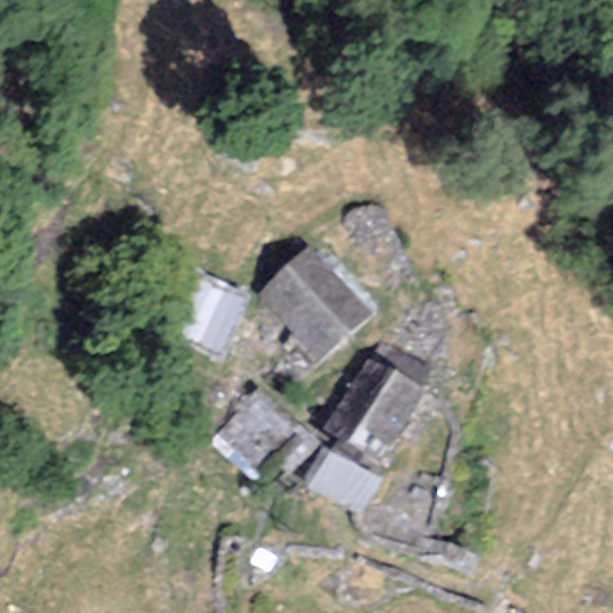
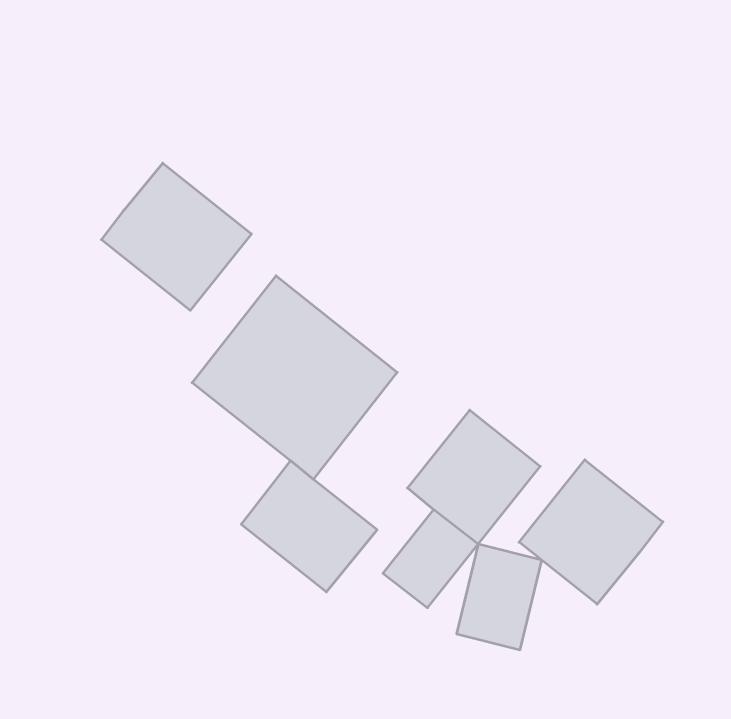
building: none -> [101,163,251,310]
building: none -> [519,460,663,604]

